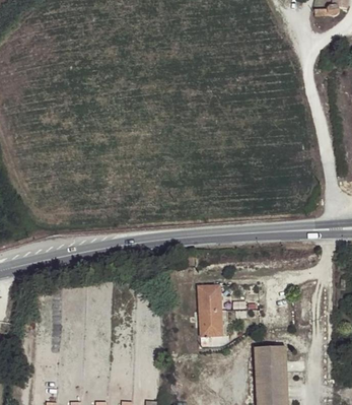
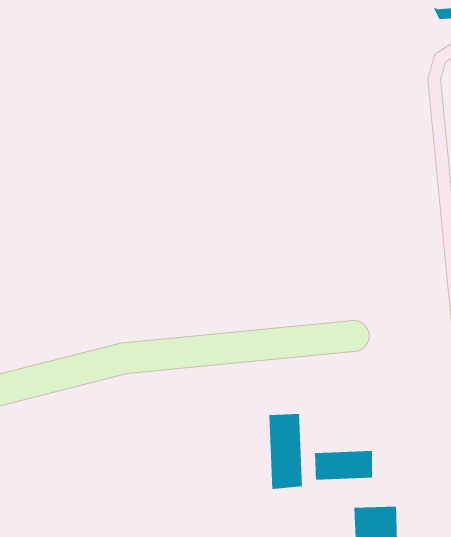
building: none -> [315,450,373,480]

